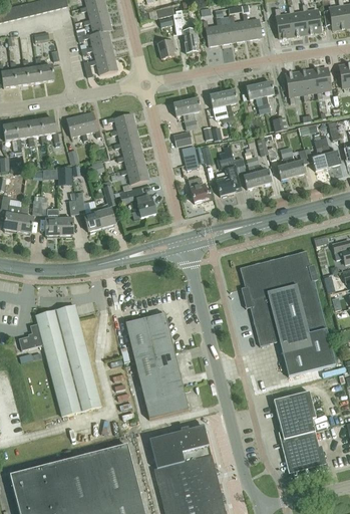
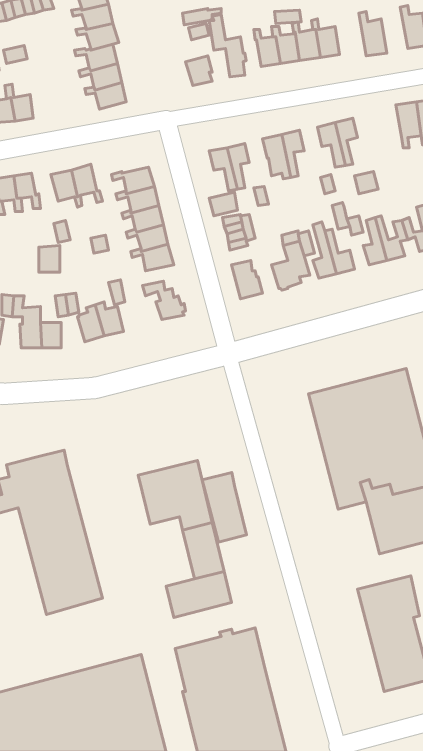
building: [288,6,307,36] -> none
building: [285,71,303,103] -> none
building: [132,350,162,398] -> [202,472,246,542]

